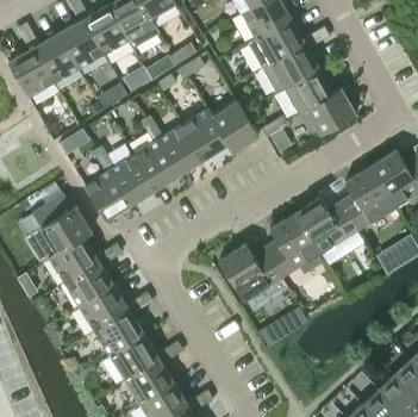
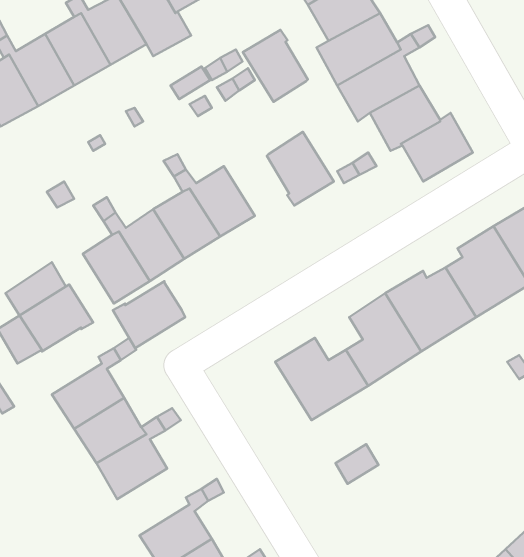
building: [182,110,227,160] -> [243,30,308,102]
building: [48,237,98,284] -> [113,281,185,348]
building: [108,335,158,381] -> none

